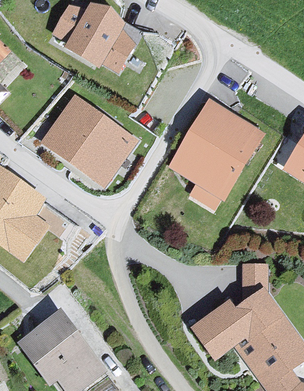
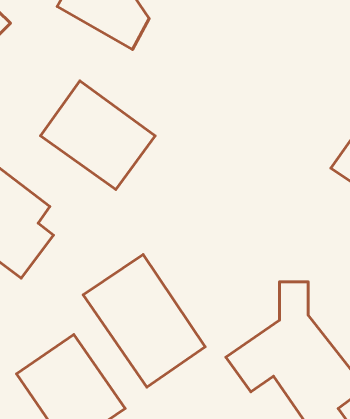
building: [169,99,268,202] -> none
building: none -> [83,255,205,387]

